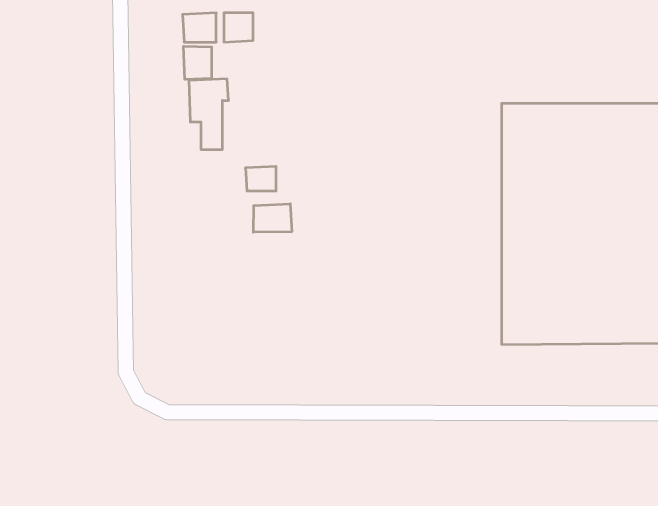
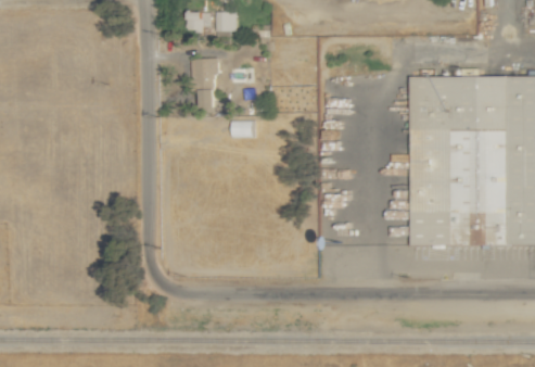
building: [184,46,212,79] -> none
building: [253,204,292,232] -> none

